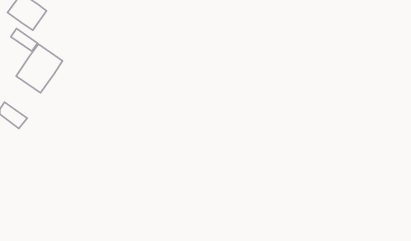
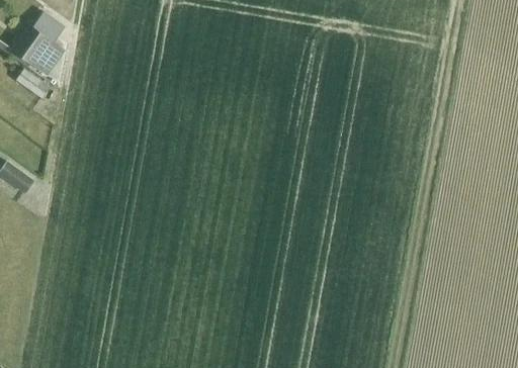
building: [16,44,62,93] -> none

